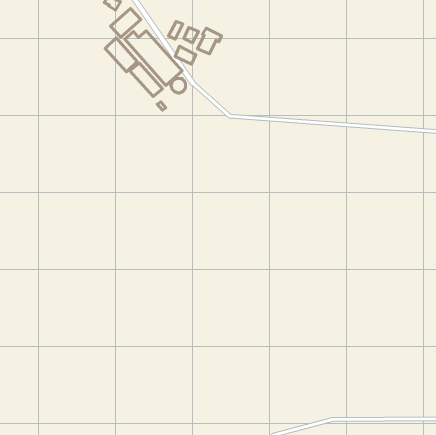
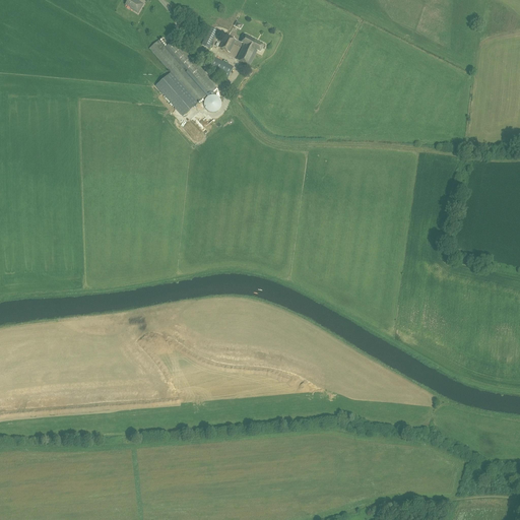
building: [110,8,141,37] -> none
building: [105,38,137,72] -> none

